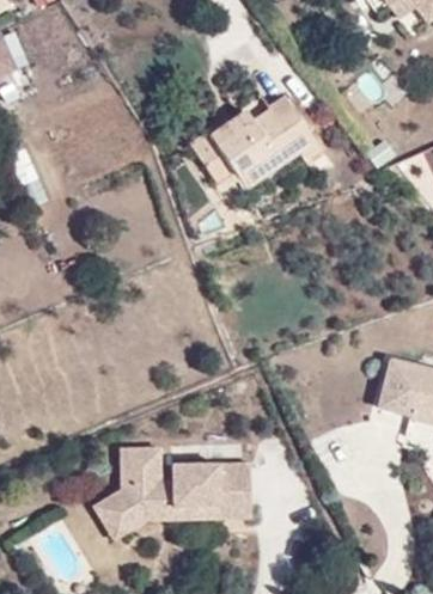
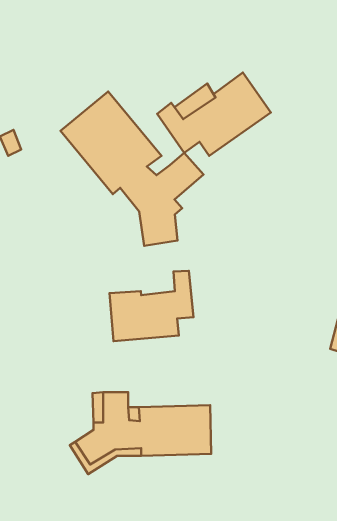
building: none -> [60,91,204,246]
building: none -> [109,271,193,341]

